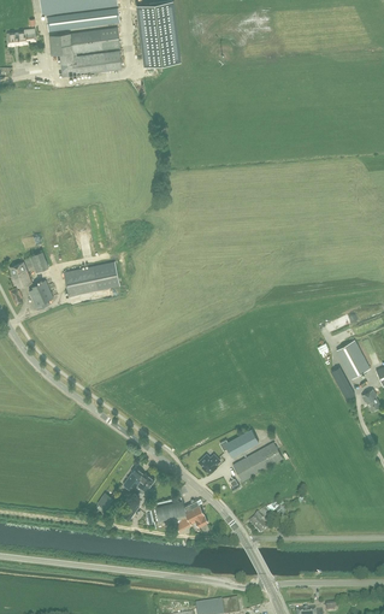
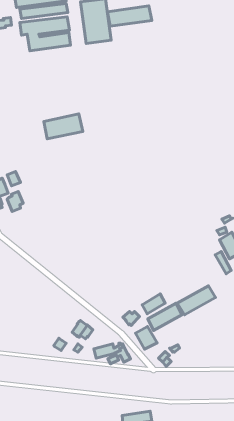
building: none -> [107,6,152,26]
building: [63,261,119,297] -> [44,114,83,139]
building: none -> [177,286,216,315]
building: none -> [135,326,157,349]

